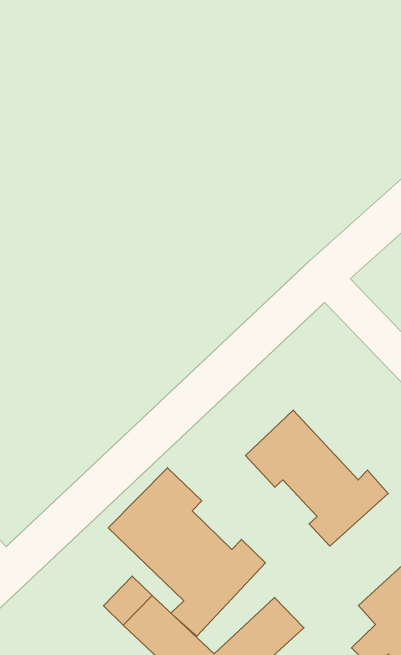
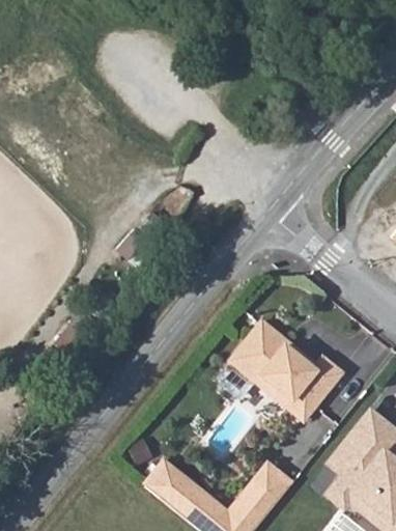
building: [108,468,265,636] -> none

